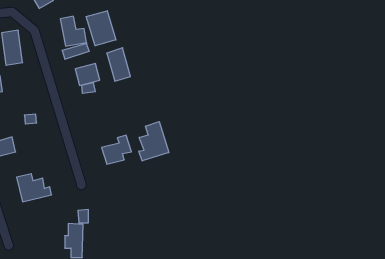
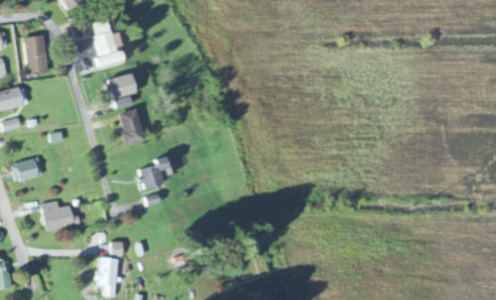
building: [86,11,116,46] -> none
building: [107,48,130,81] -> [118,108,145,146]
building: [139,122,169,161] -> none

